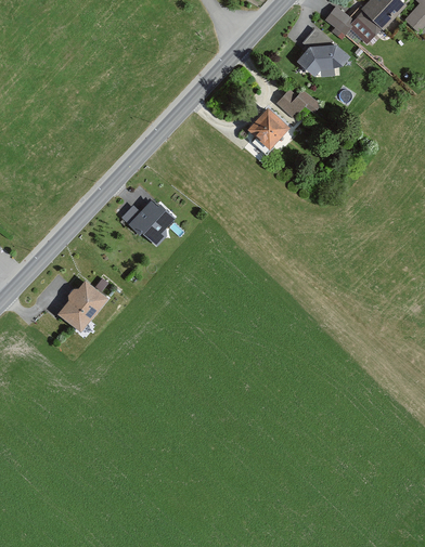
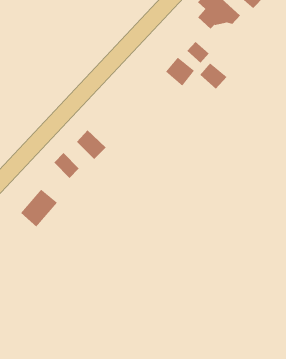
building: none -> [200,62,227,89]
building: none -> [53,152,79,179]

